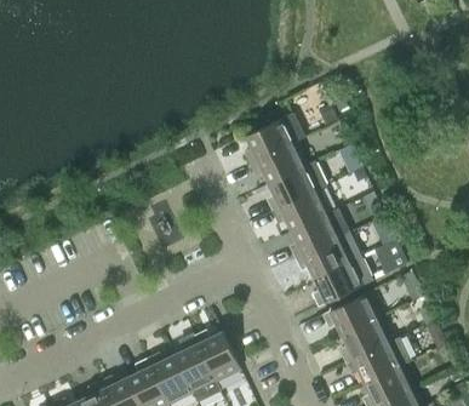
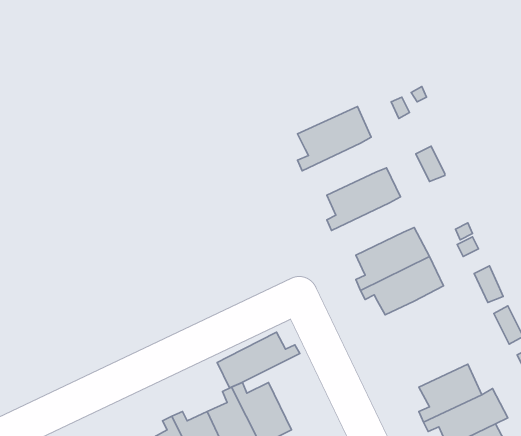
building: [250,143,308,184] -> none
building: [273,190,330,231] -> none
building: [314,256,373,308] -> none
building: none -> [217,332,300,388]
building: [322,293,381,336] -> none

